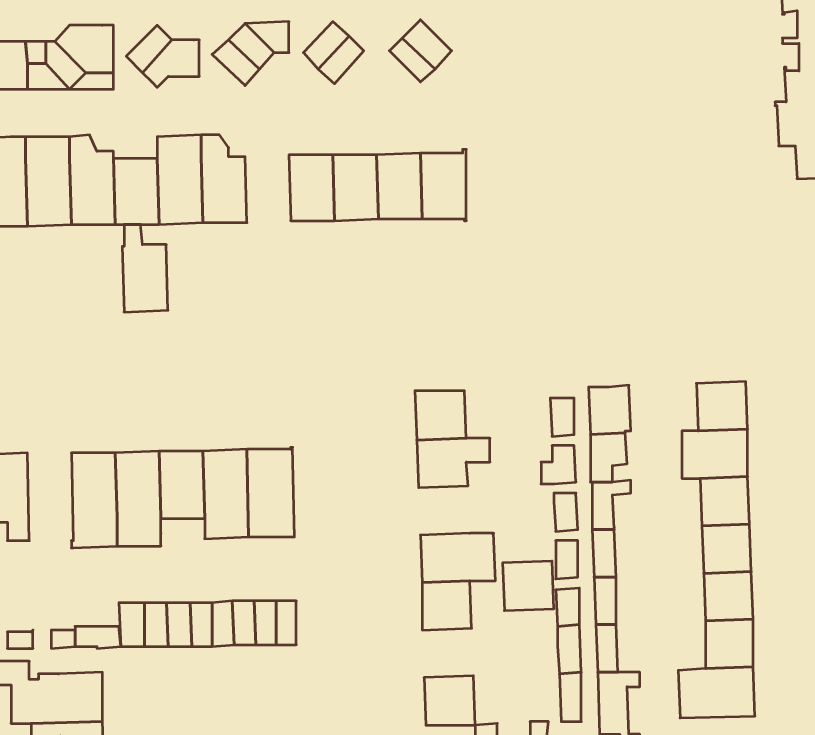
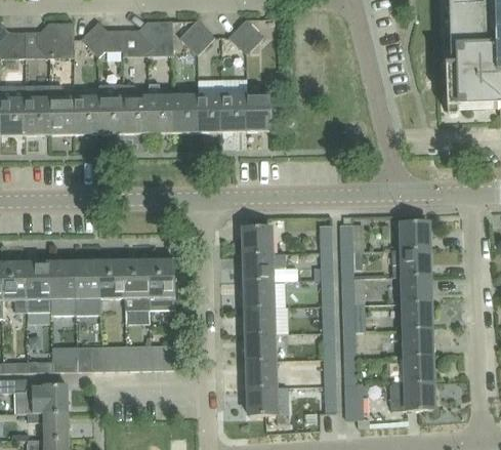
building: [122,224,168,312] -> [148,83,173,132]
building: none -> [26,261,51,311]
building: none -> [245,280,274,308]
building: [503,561,554,611] -> [247,360,276,387]

